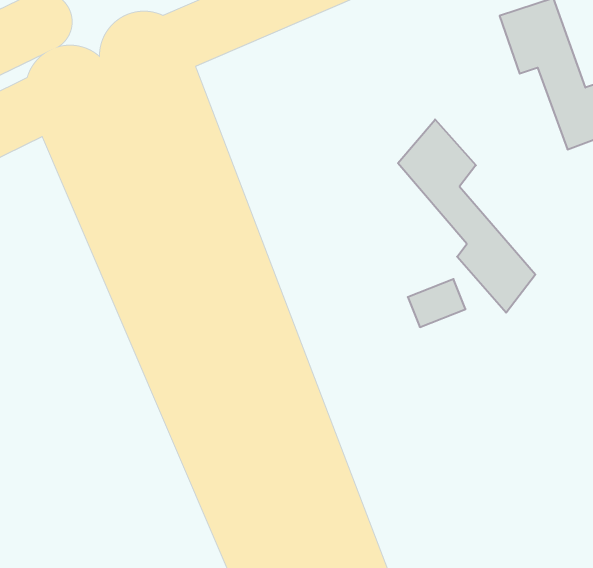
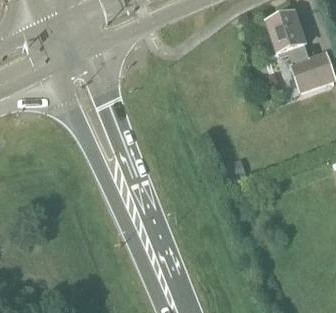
building: [398,119,535,313] -> none

